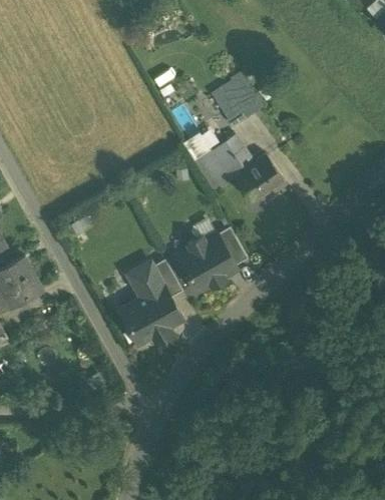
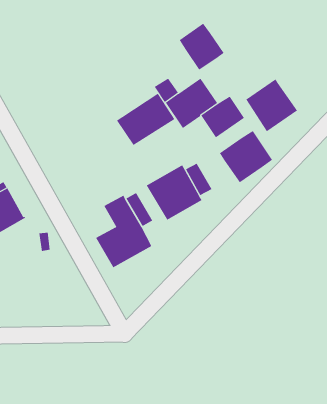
building: none -> [245,78,298,132]
building: none -> [116,93,175,146]
building: none -> [219,130,273,183]

